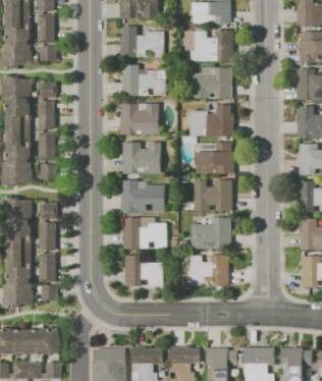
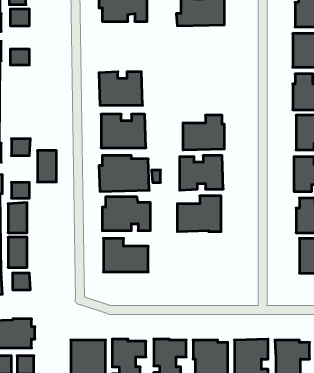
building: [121,64,165,96] -> none
building: [192,66,231,99] -> none
building: [37,101,54,128] -> none
building: [190,105,233,135] -> none
building: [38,132,55,161] -> [37,151,56,182]
building: [189,254,228,285] -> none

